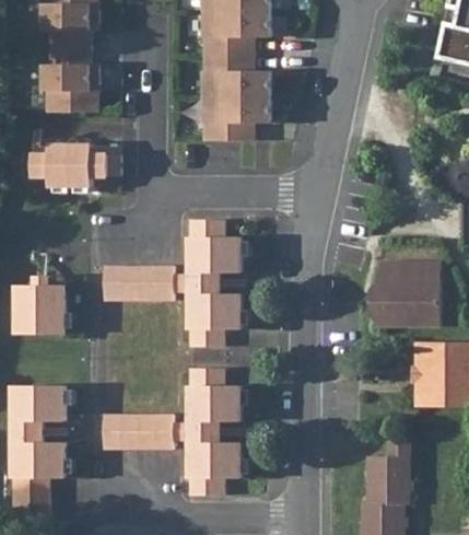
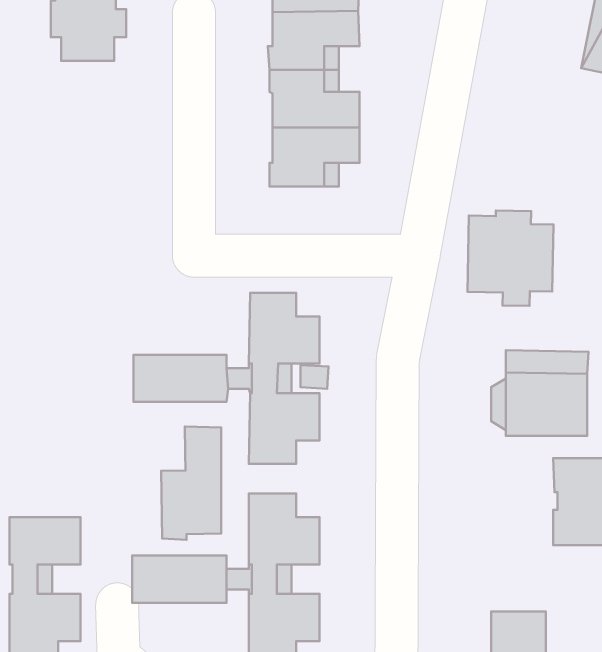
building: [42,47,97,112] -> none
building: [31,144,120,186] -> none
building: none -> [467,210,554,306]
building: [14,284,63,333] -> none
building: none -> [161,427,221,540]

